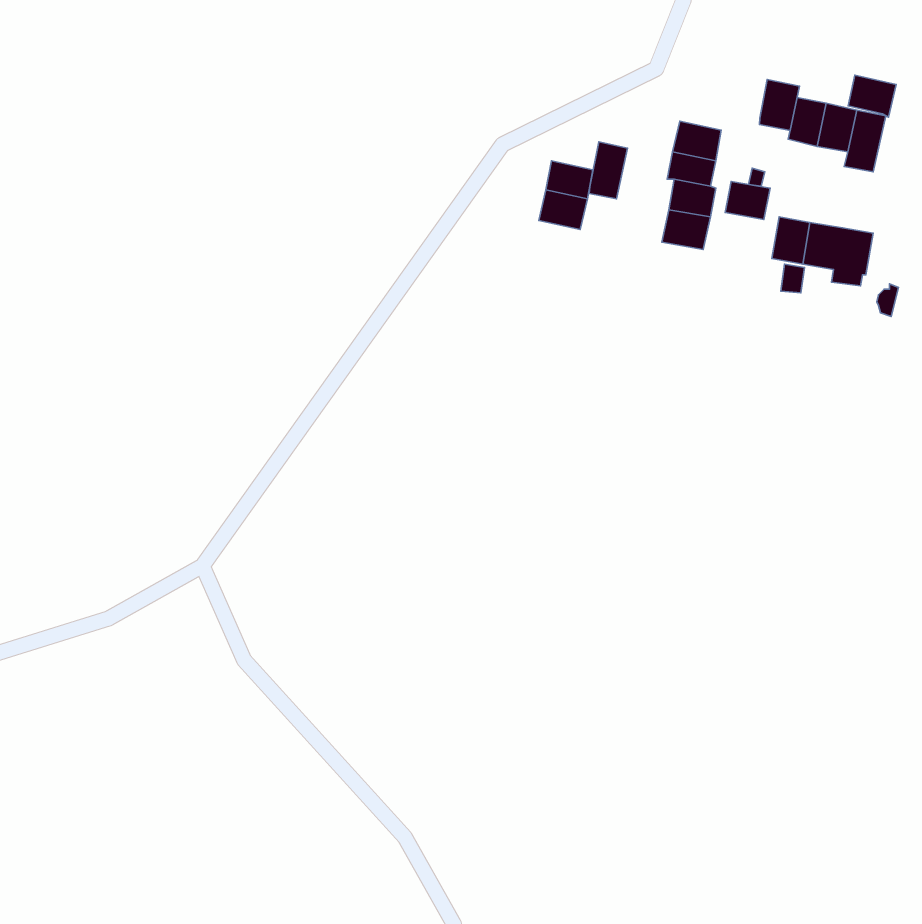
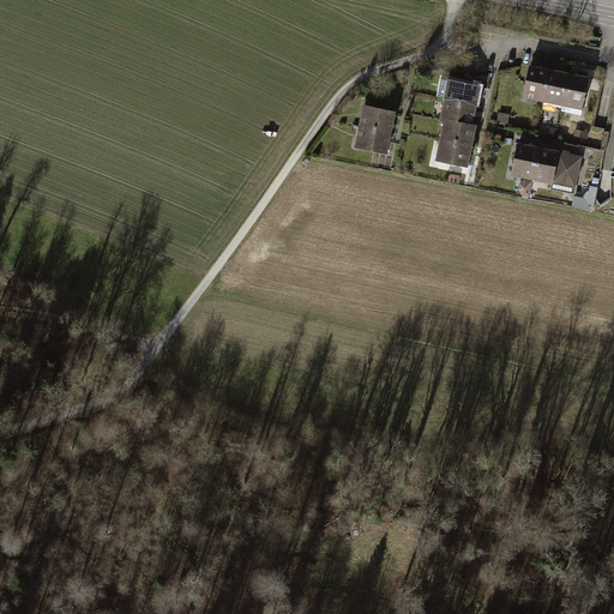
building: [848,75,896,117] -> none
building: [760,79,799,130] -> none
building: [589,142,628,199] -> none
building: [725,181,770,219] -> none

